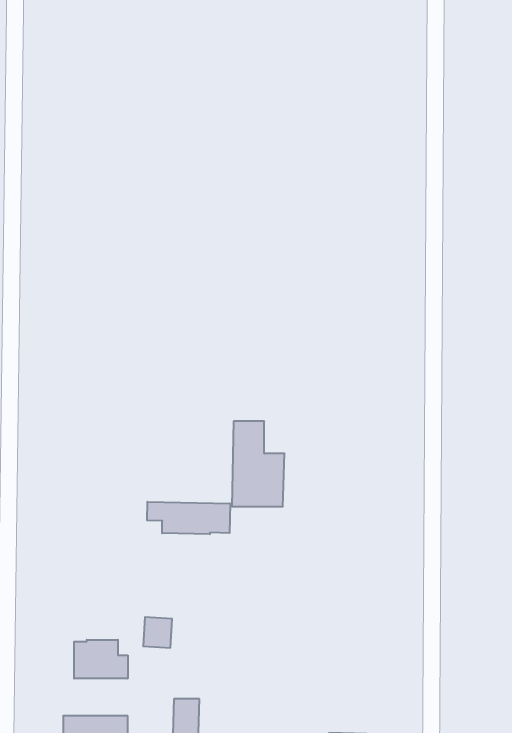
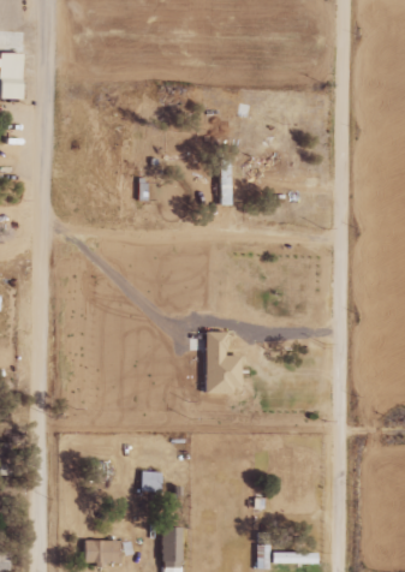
building: [147,502,230,534] -> none
building: [74,640,128,679] -> none

